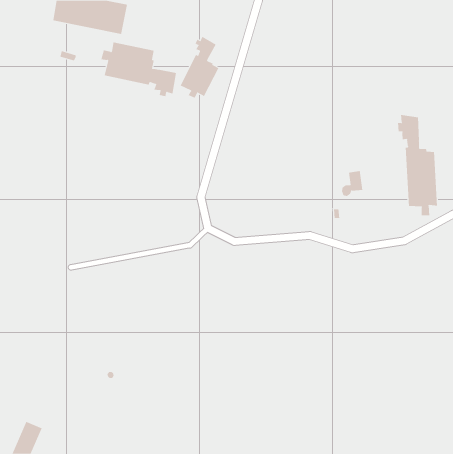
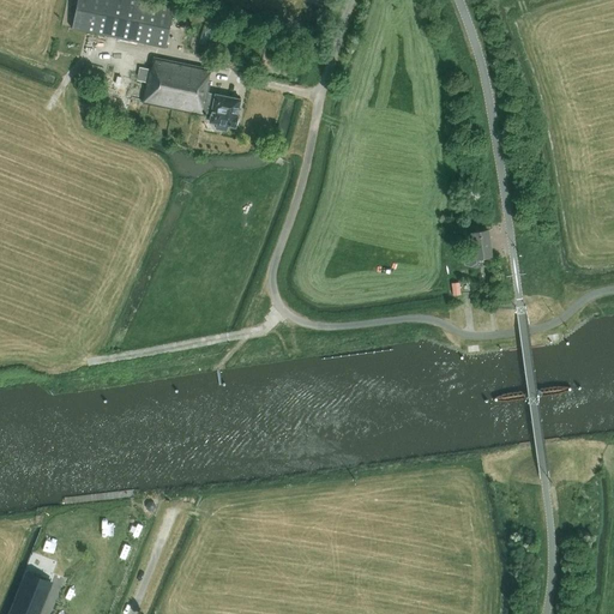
building: [180,36,219,99] -> none
building: [398,114,437,216] -> none

